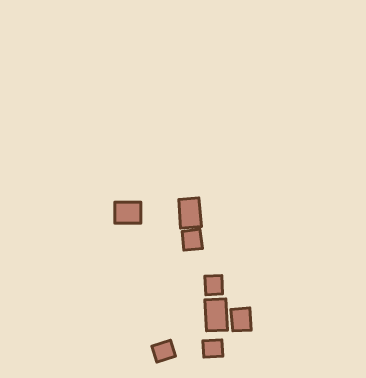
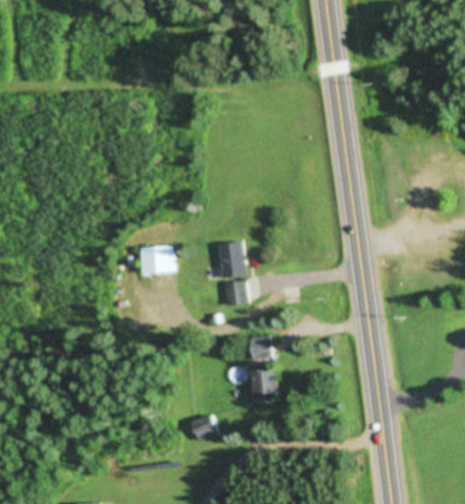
building: [231,308,251,331] -> none
building: [203,340,223,357] -> none

